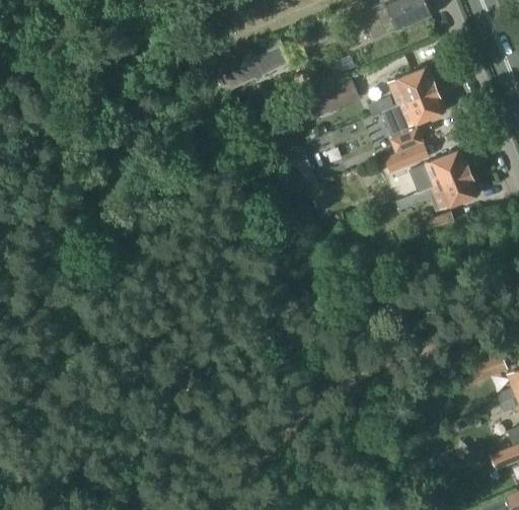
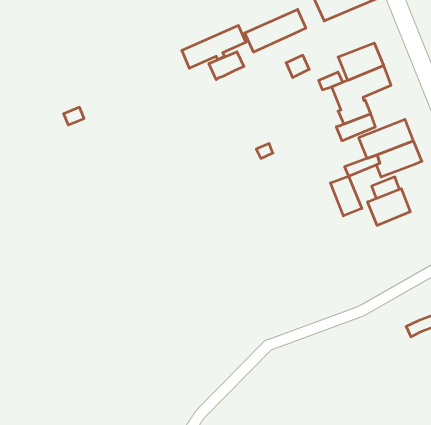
building: none -> [245,9,306,52]
building: none -> [209,52,244,80]
building: none -> [330,176,362,216]
building: none -> [368,189,410,225]

